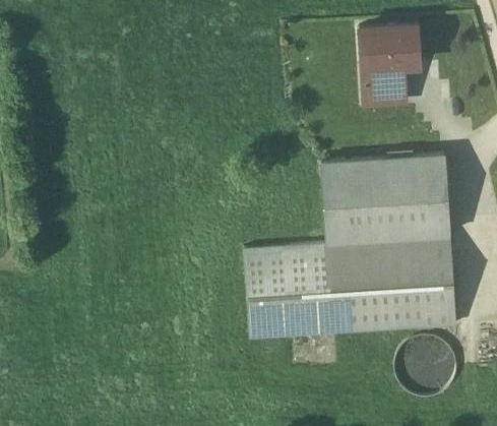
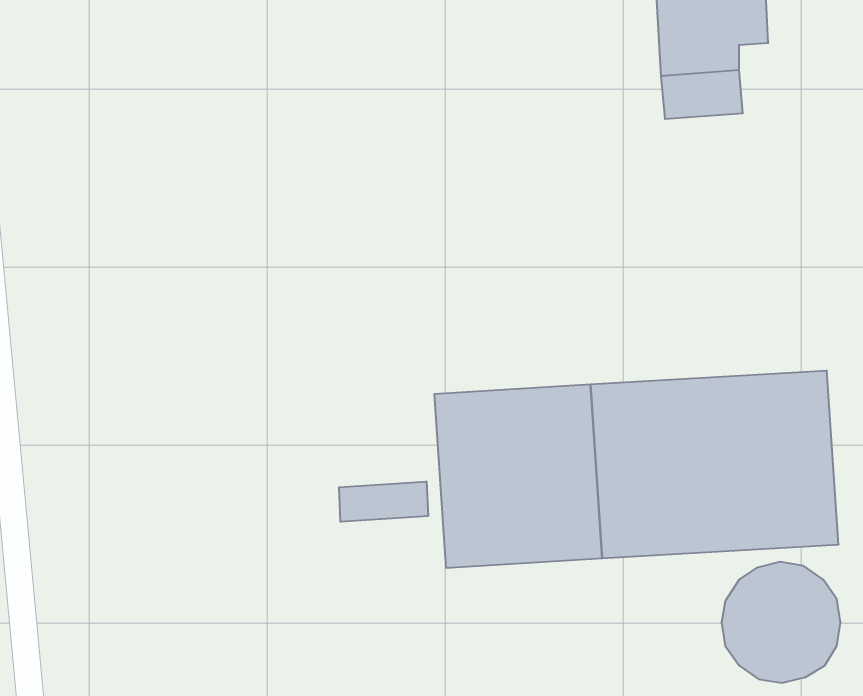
building: [321,155,449,243] -> none
building: none -> [339,481,428,522]

